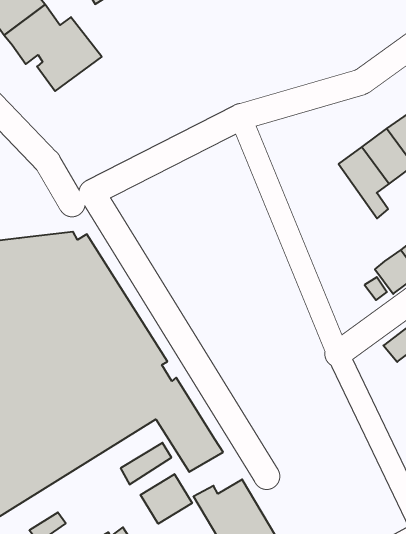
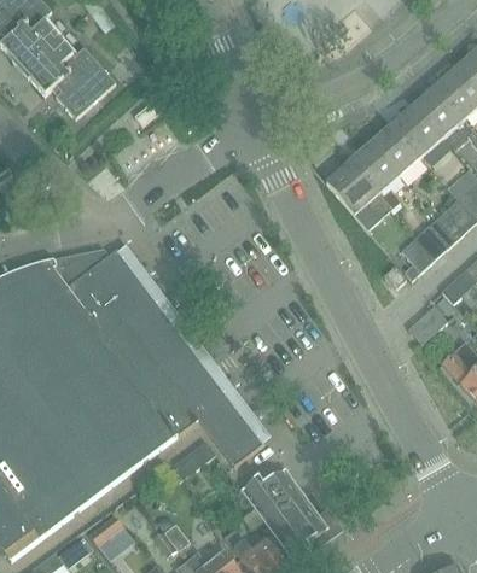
building: none -> [326,162,390,229]
building: [141,474,192,524] -> none

